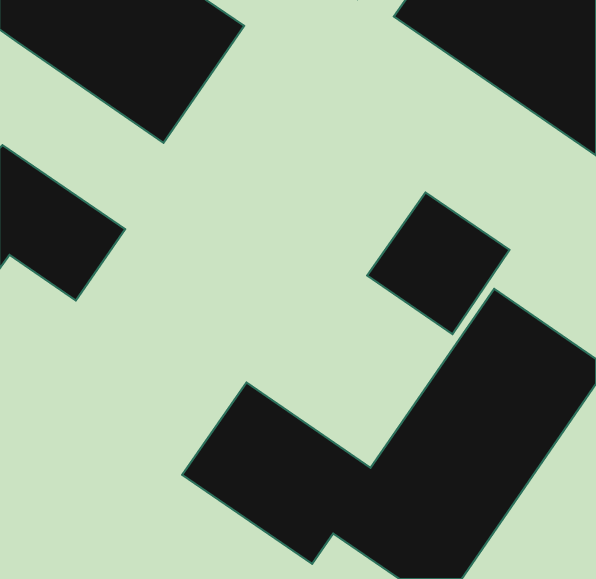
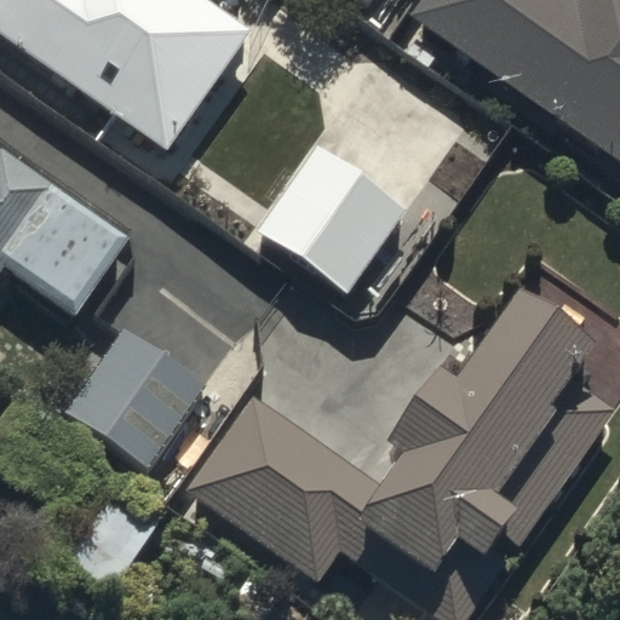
building: [367,193,510,334] -> [256,142,403,288]
building: none -> [67,325,208,466]

